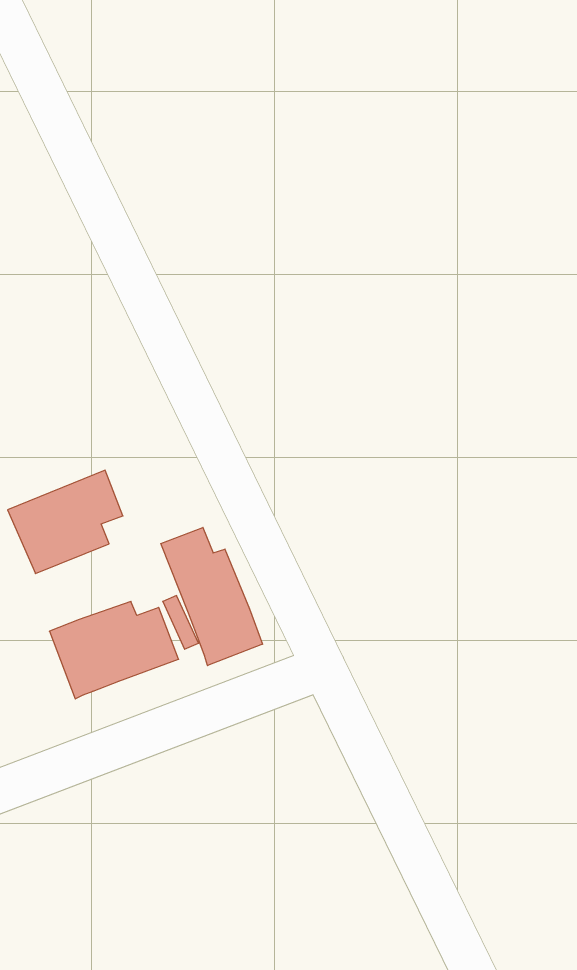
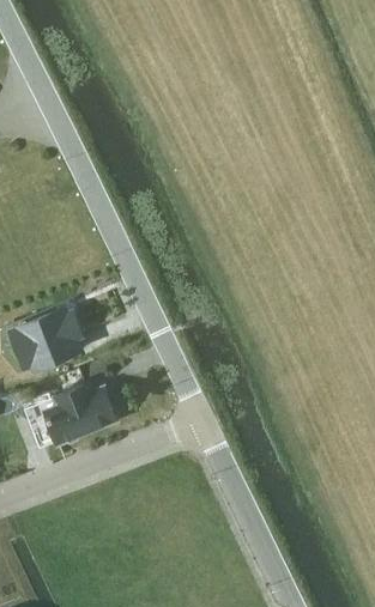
building: [161,527,263,666] -> none

